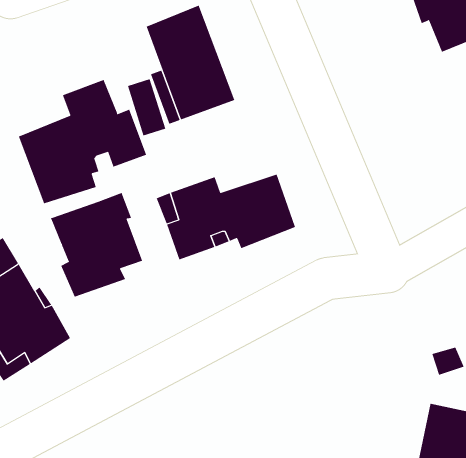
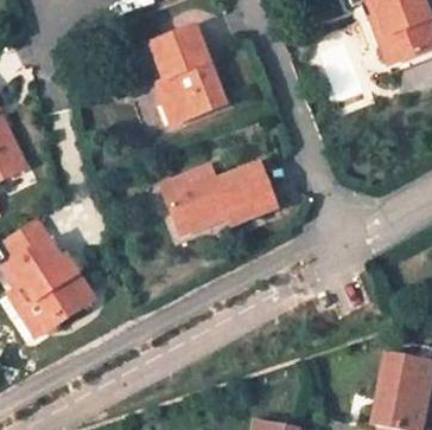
building: [18,79,147,204] -> none
building: [50,192,143,298] -> none

